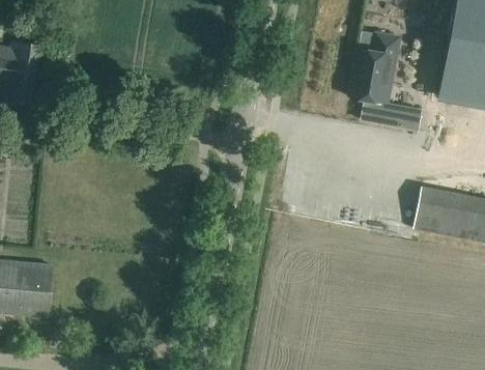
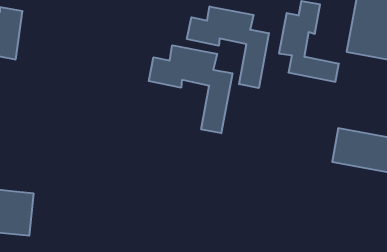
building: none -> [187,6,269,88]
building: none -> [149,45,232,133]

